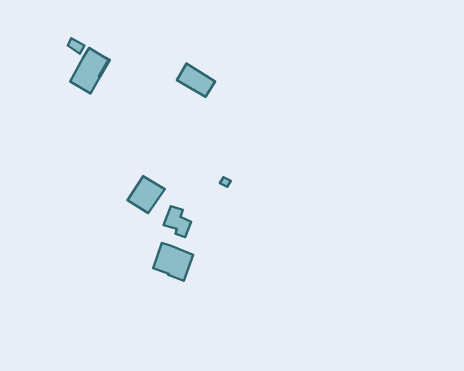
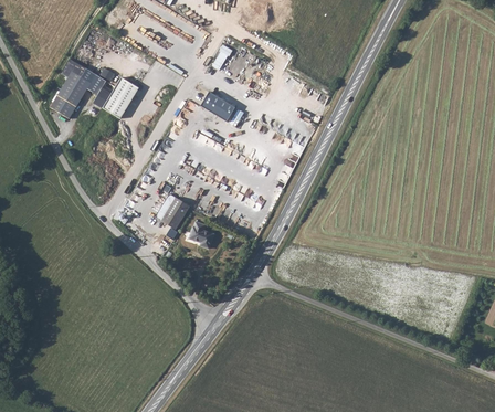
building: none -> [50,72,91,118]
building: [153,243,193,281] -> none

